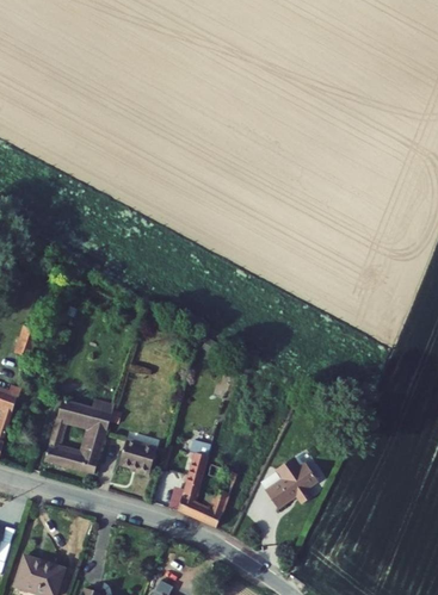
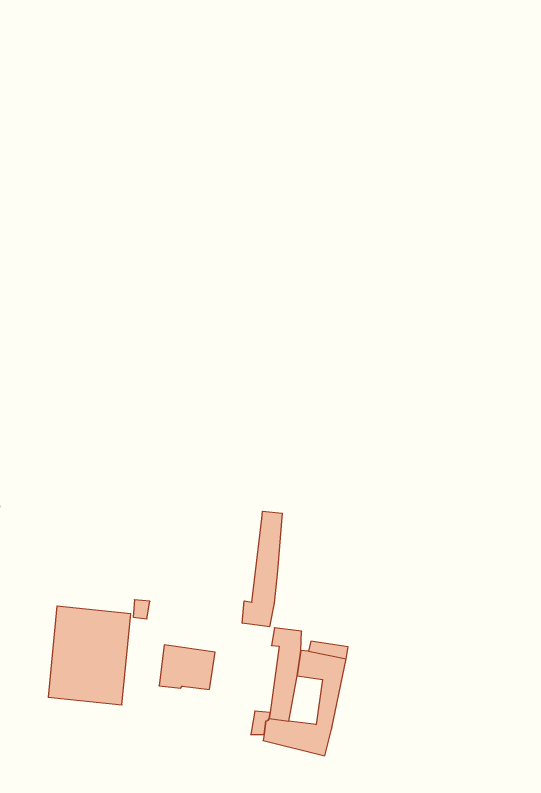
building: none -> [242,511,282,627]
building: [261,458,314,510] -> none

